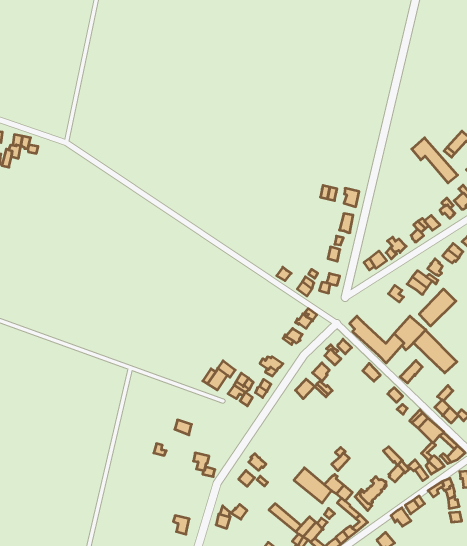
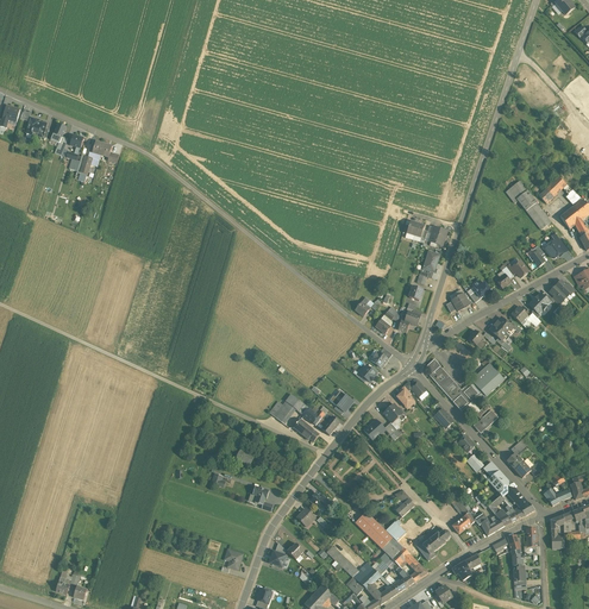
building: [419,289,456,326] -> none
building: [413,330,457,373] -> none

